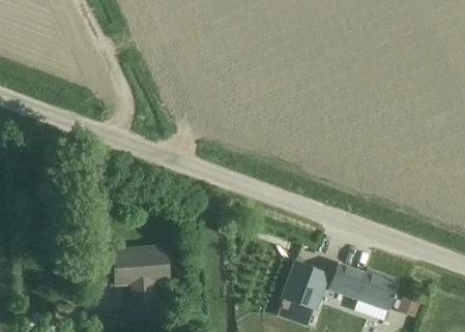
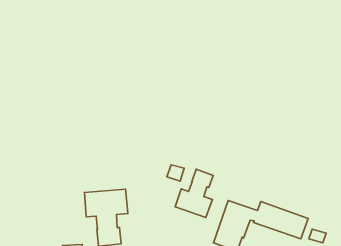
building: none -> [175,169,213,218]

